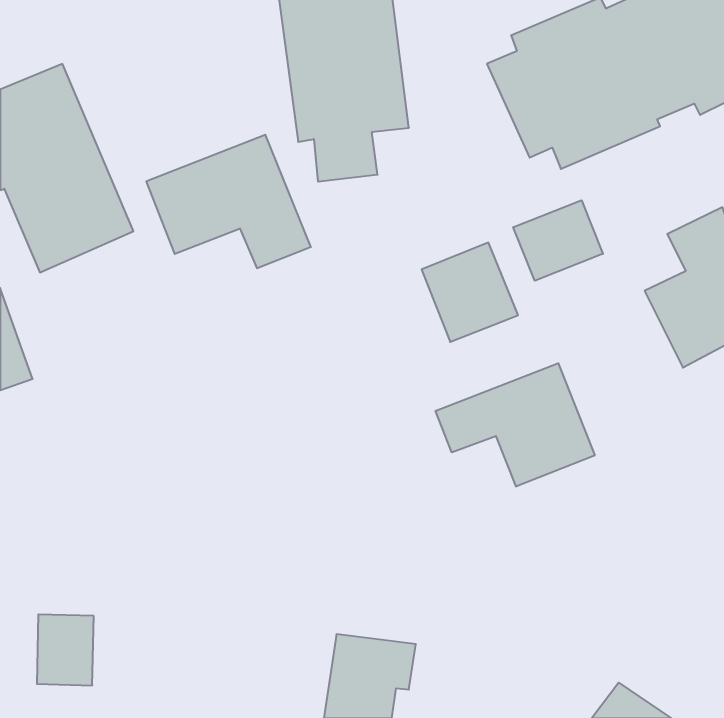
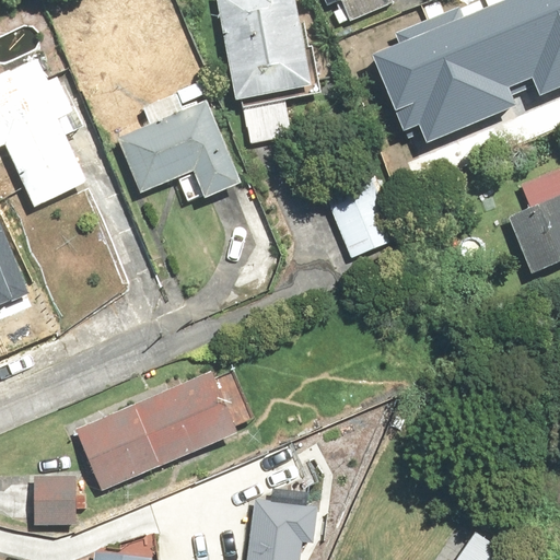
building: [513,200,603,281] -> none
building: [436,363,595,487] -> none
building: none -> [72,370,237,492]

